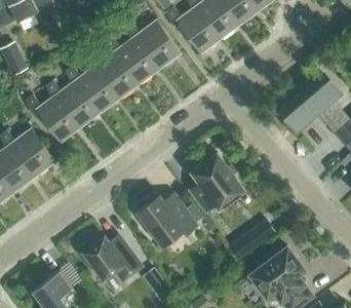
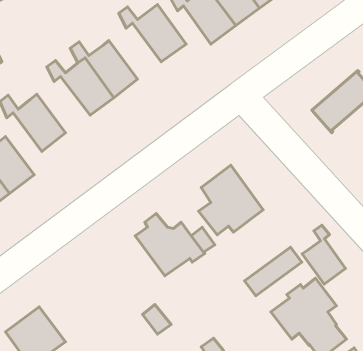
building: [105,36,159,82] -> none
building: [45,80,101,126] -> none
building: none -> [302,225,346,284]
building: [77,237,142,281] -> none

